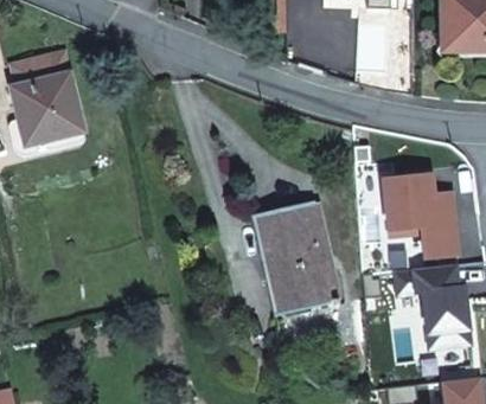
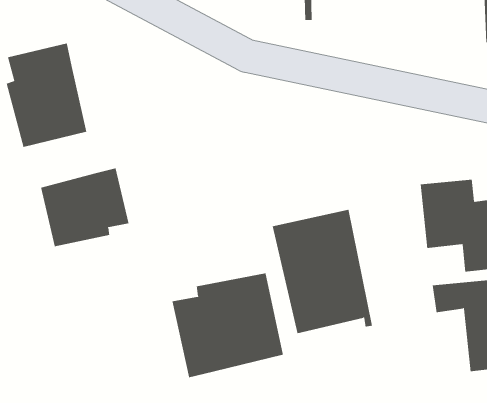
building: none -> [40,167,129,247]
building: none -> [172,273,284,378]

